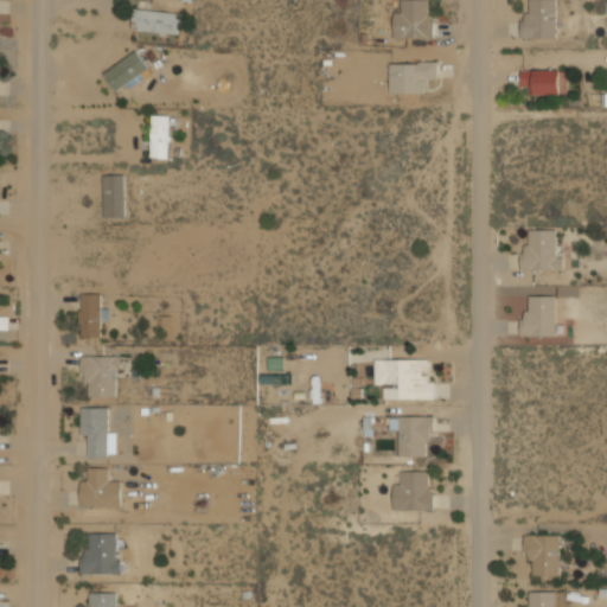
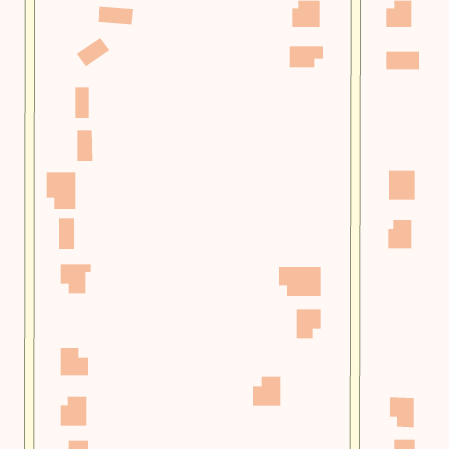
building: [149,116,170,159] -> [75,87,90,119]
building: none -> [46,172,76,210]
building: [79,409,115,458] -> none
building: [392,472,432,512] -> [252,376,281,406]

